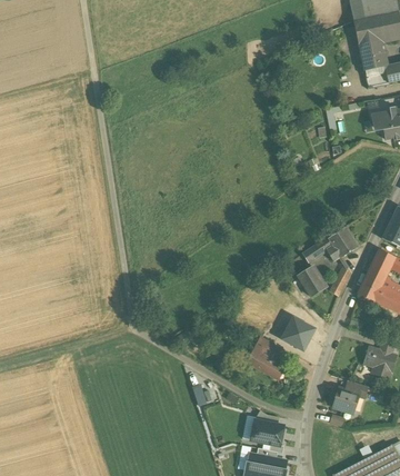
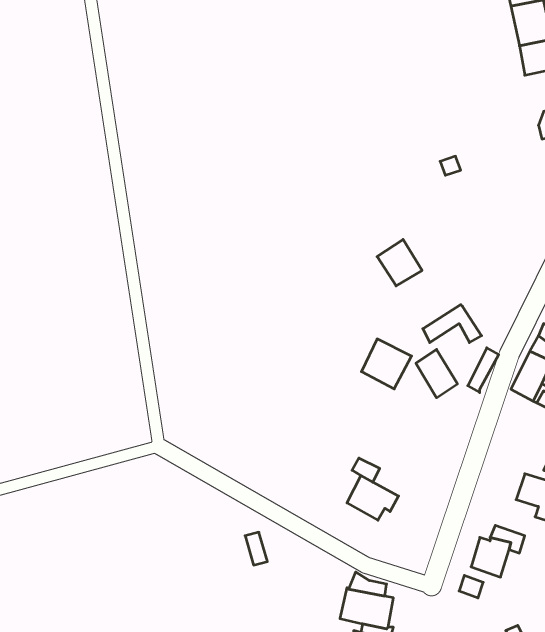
building: [328,227,357,257] -> [377,239,422,286]
building: [282,317,314,349] -> [361,339,412,389]

